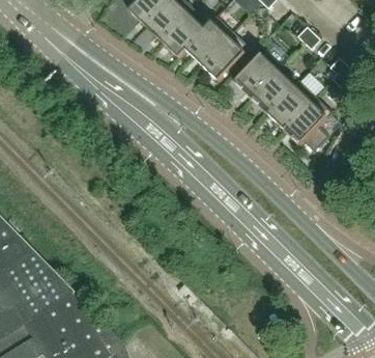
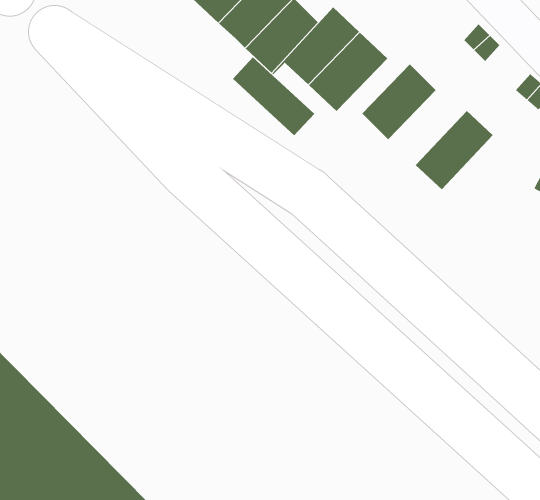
building: none -> [232,56,315,136]
building: [253,68,301,115] -> none
building: [286,97,335,153] -> none

